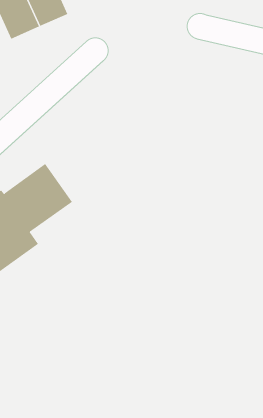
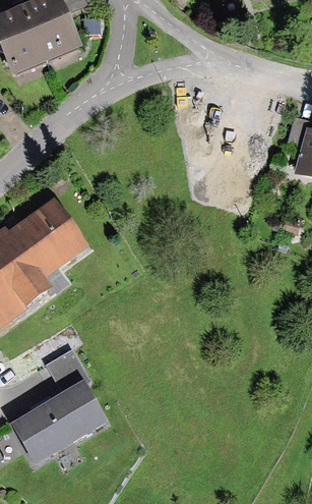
building: none -> [14,386,103,462]

